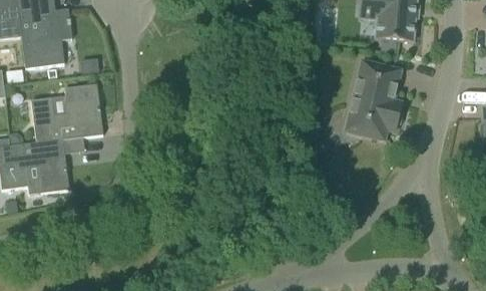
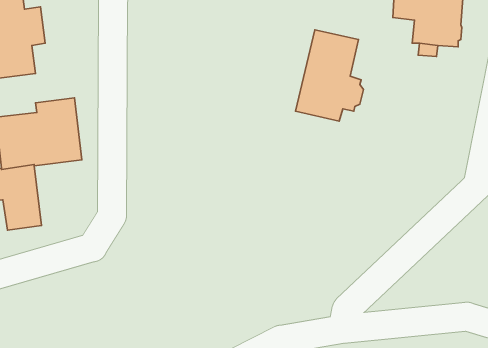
building: [347,62,403,137] -> [295,30,363,121]

